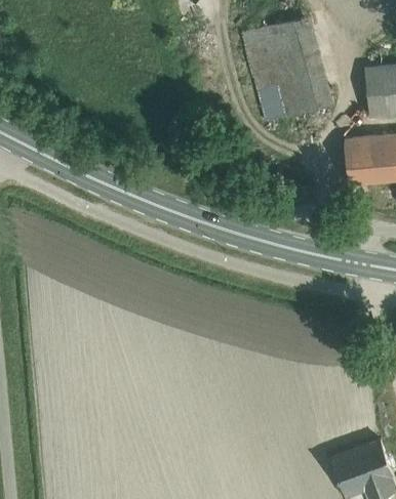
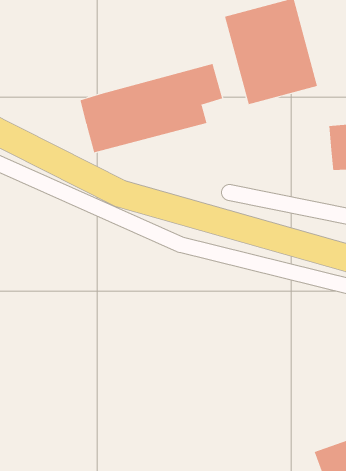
building: none -> [80,63,223,153]

